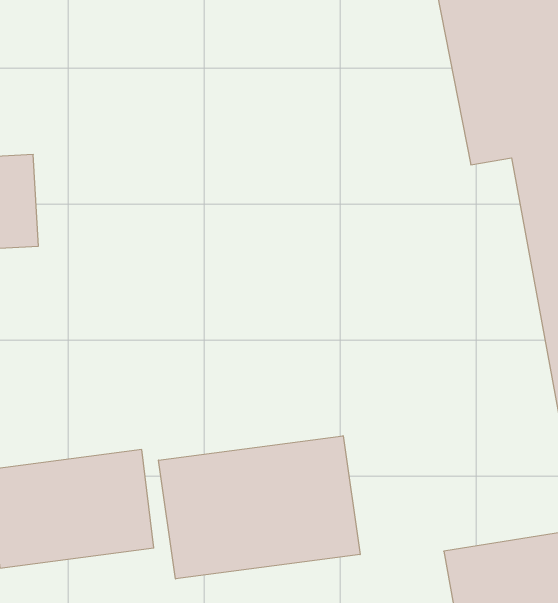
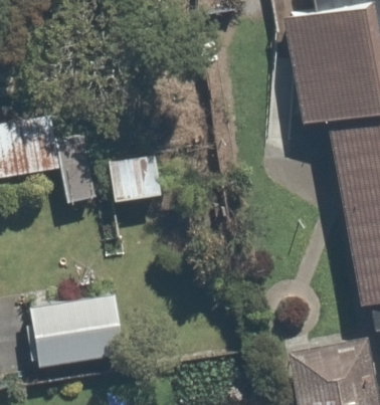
building: [159,436,360,579] -> none

